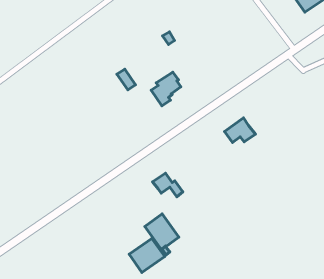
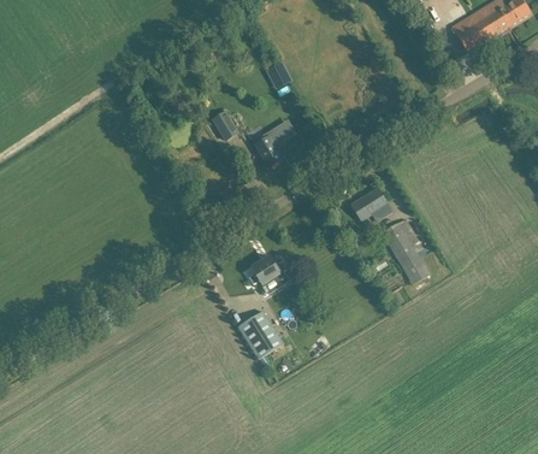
building: none -> [382,219,430,284]
building: [129,238,165,272] -> none

